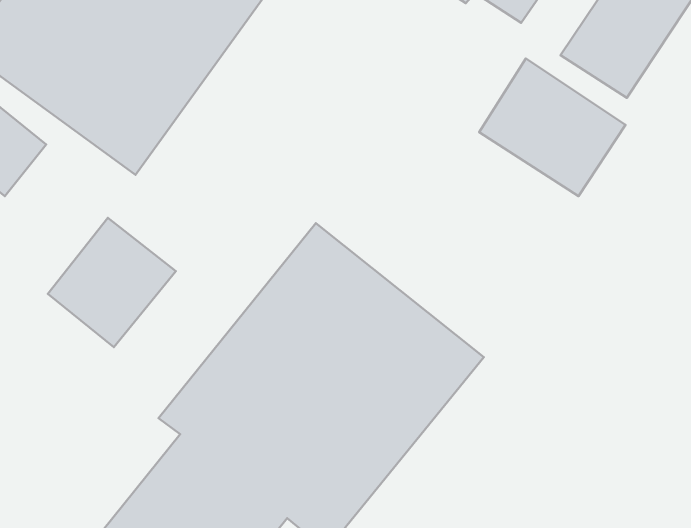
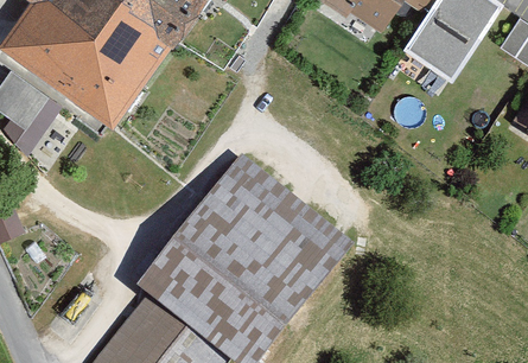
building: [479,58,626,196] -> none
building: [48,218,176,347] -> none

